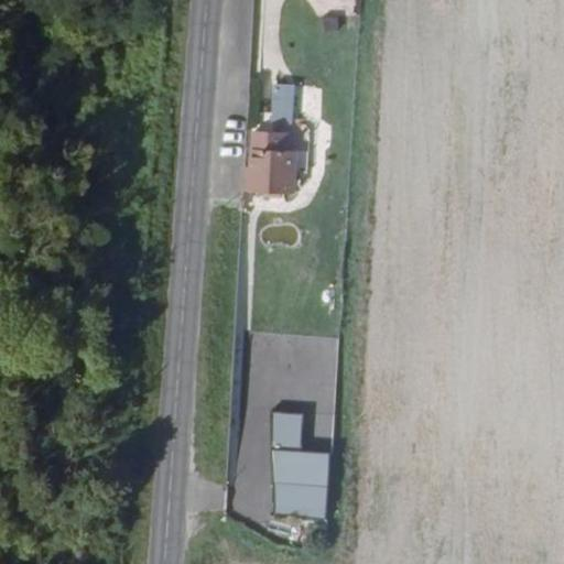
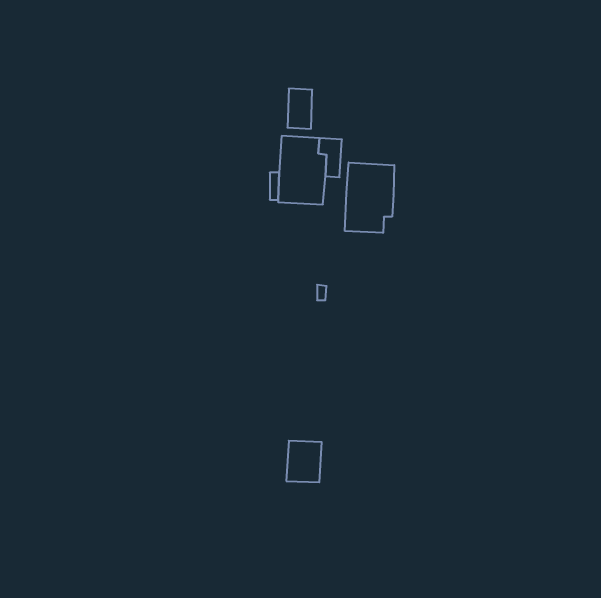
building: none -> [345,162,394,233]
building: [274,441,326,502] -> none

